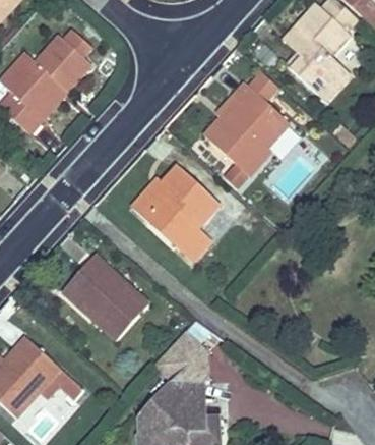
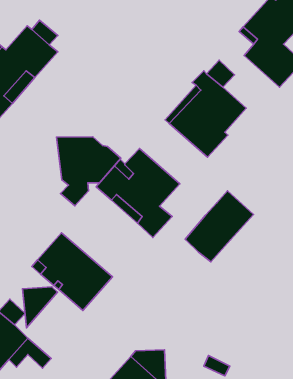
building: none -> [56,137,121,206]
building: none -> [185,191,253,262]
building: none -> [23,287,58,328]

